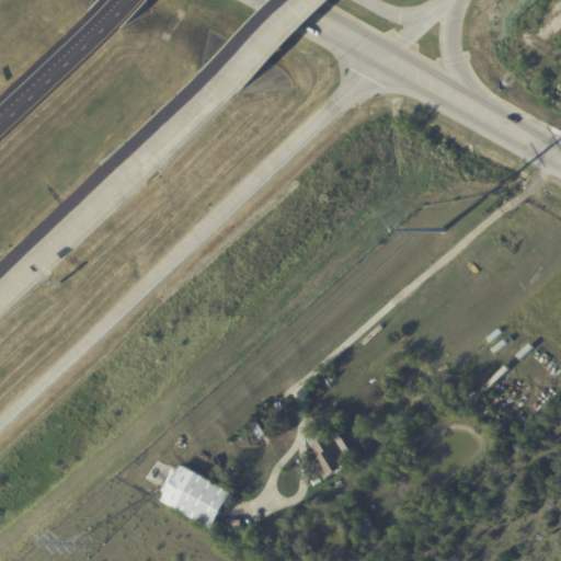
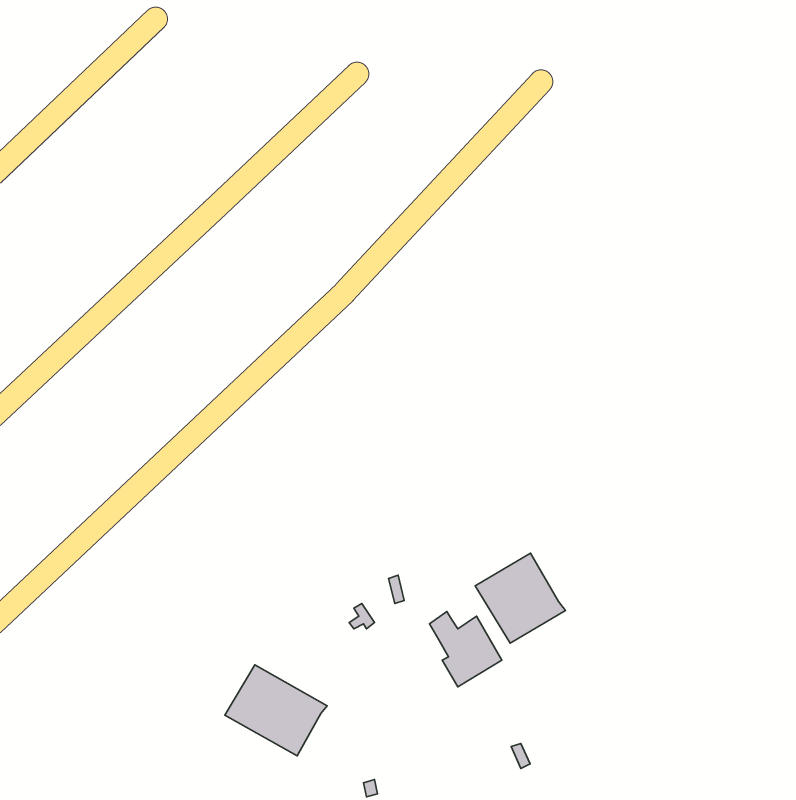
building: none -> [475,553,565,643]

